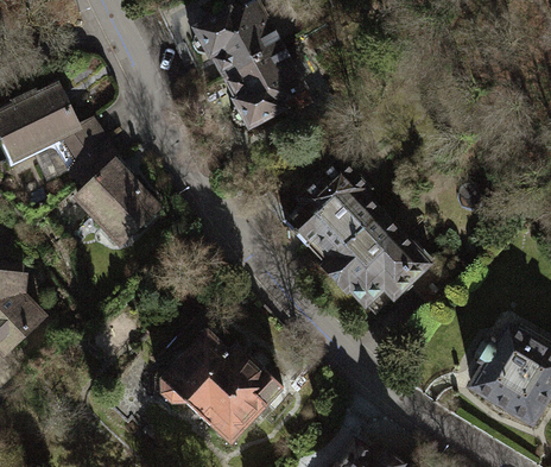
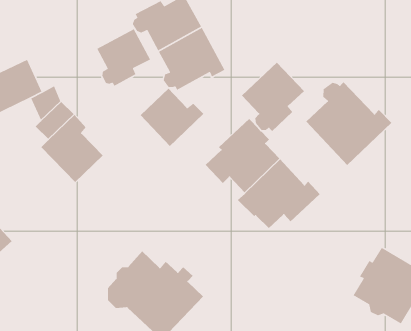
building: none -> [96,28,151,87]
building: none -> [241,62,305,132]
building: none -> [306,81,392,166]
building: none -> [140,88,204,147]

